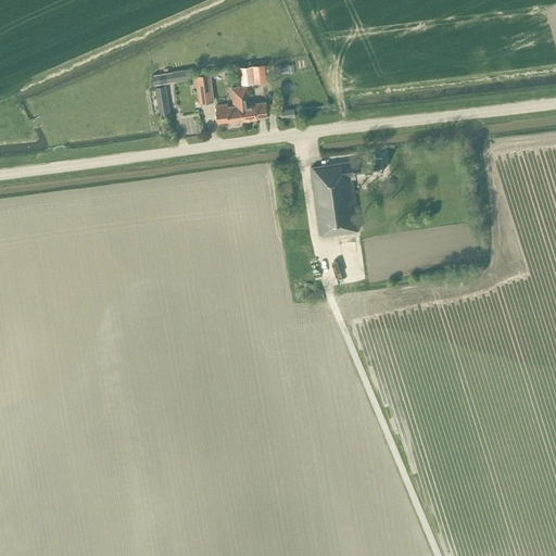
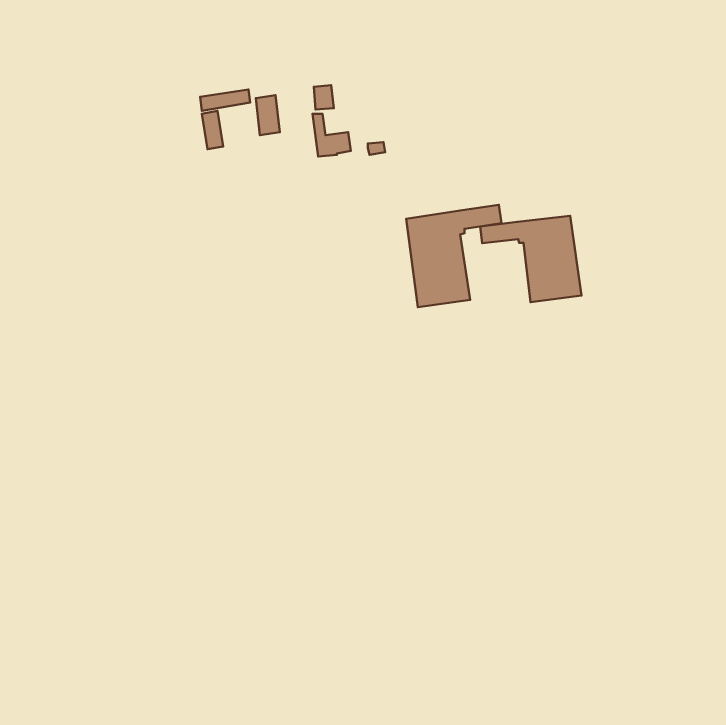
building: [215,88,243,124] -> none
building: none -> [480,216,581,302]

